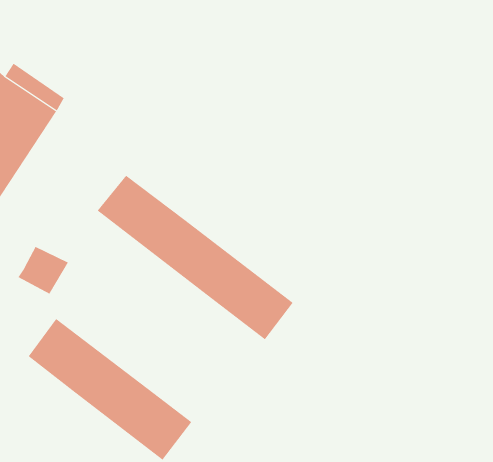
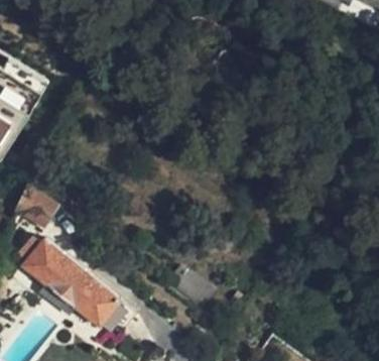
building: [97,175,294,340] -> none

